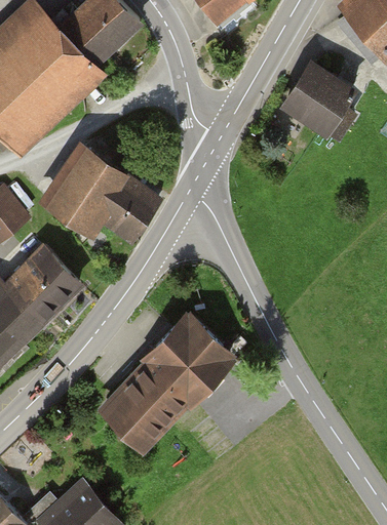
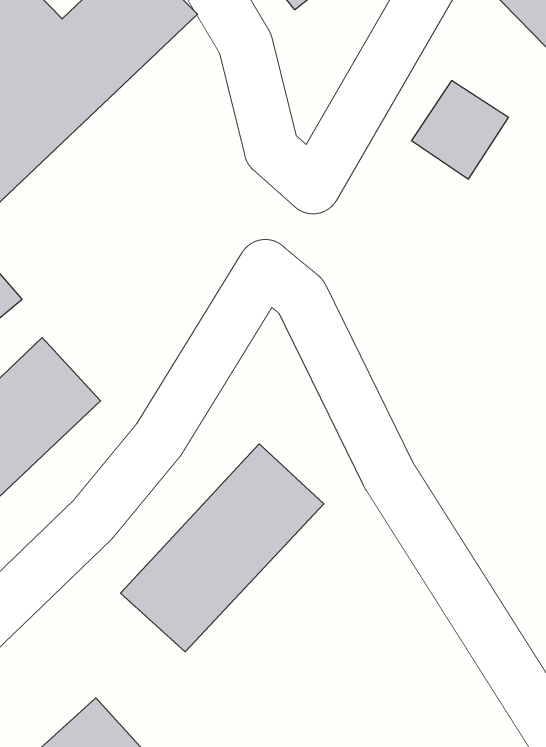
building: [41,148,158,244] -> none

